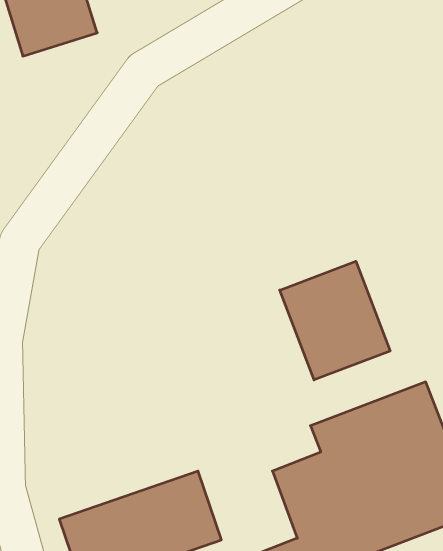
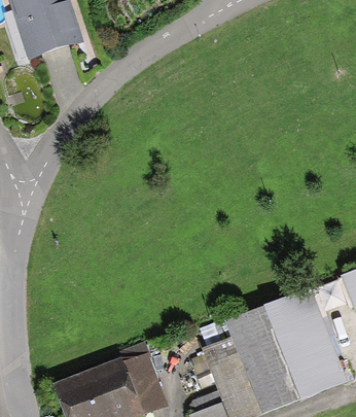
building: [280,261,390,380] -> none

